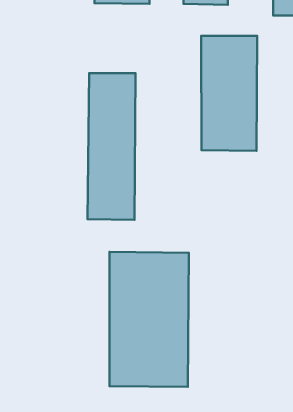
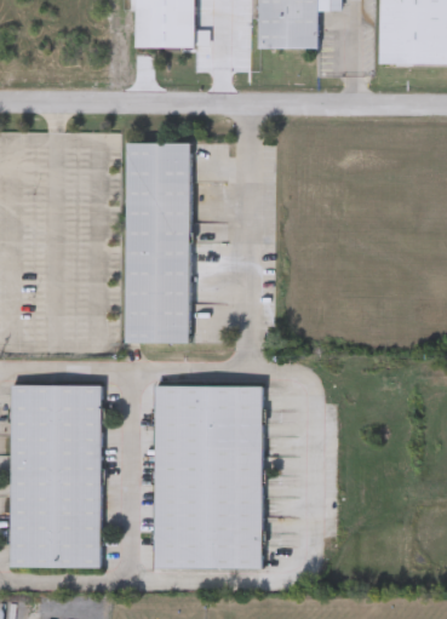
building: [201,36,257,151] -> none
building: none -> [11,385,102,568]

